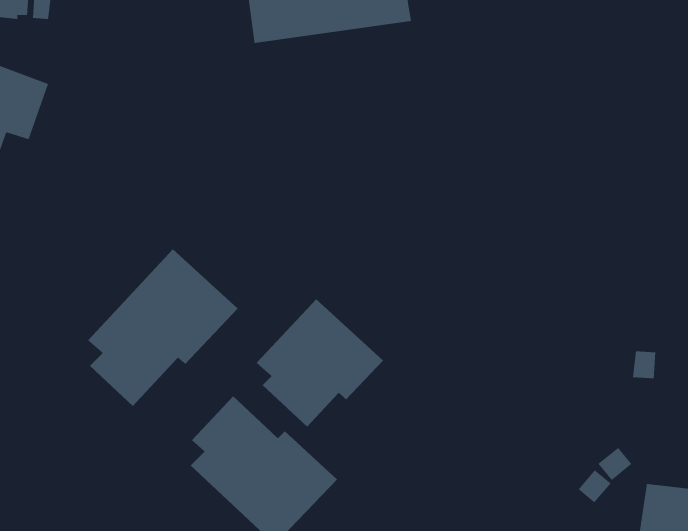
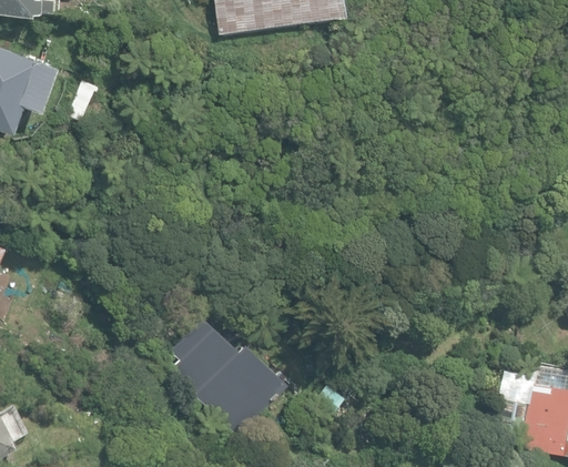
building: [87,249,238,407] -> none
building: [256,298,384,428] -> none

